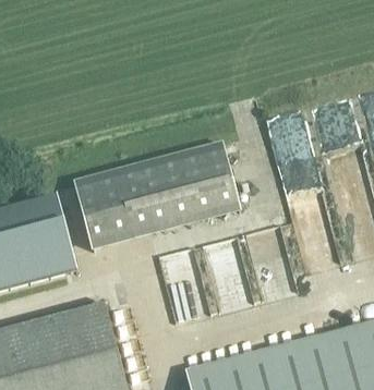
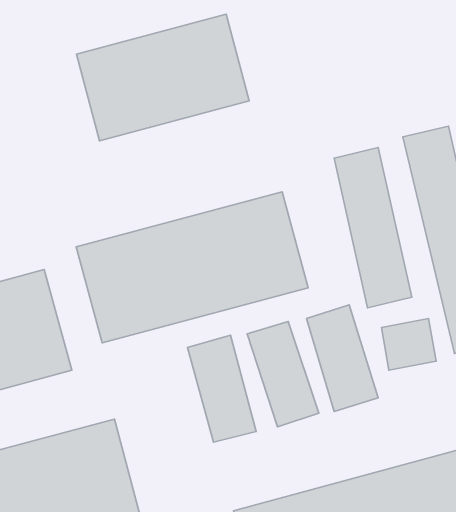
building: none -> [77,14,249,141]

